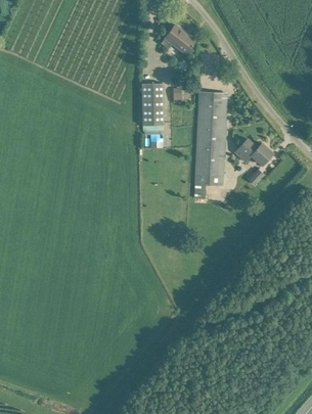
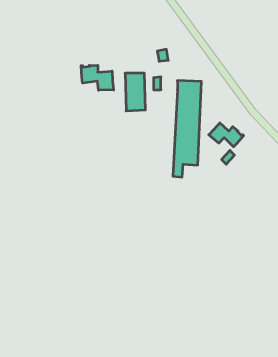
building: [162,24,195,52] -> none
building: none -> [81,65,114,90]

